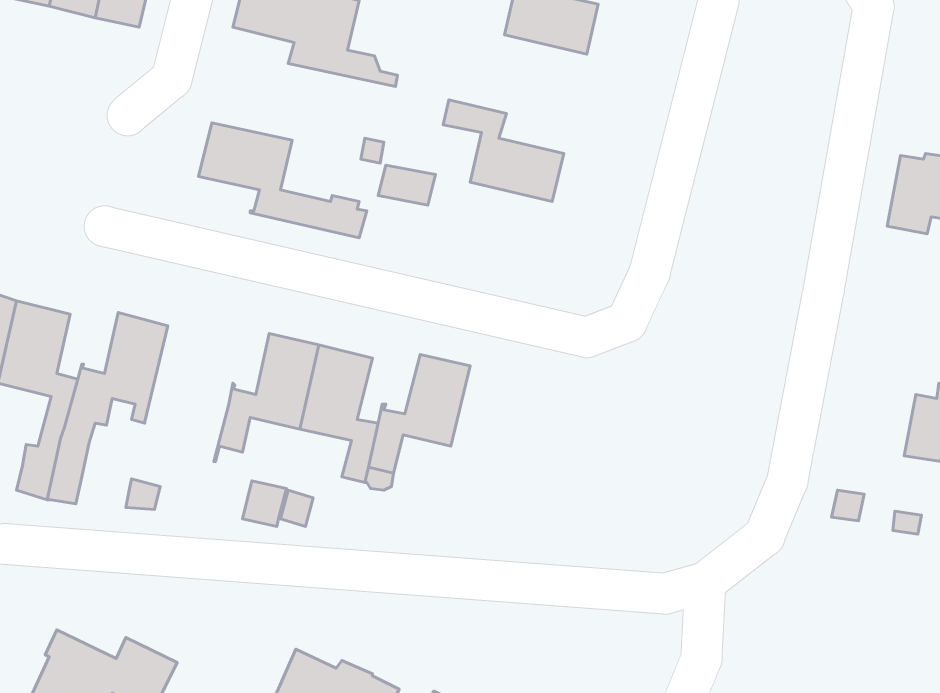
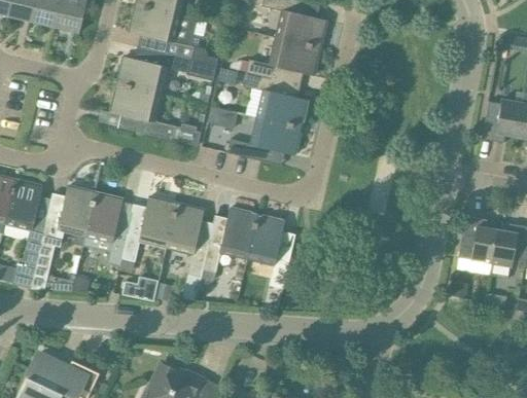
building: none -> [245,36,319,78]
building: none -> [117,51,216,93]
building: none -> [226,115,301,160]
building: none -> [81,192,127,265]
building: none -> [246,214,289,288]
building: none -> [457,215,496,262]

